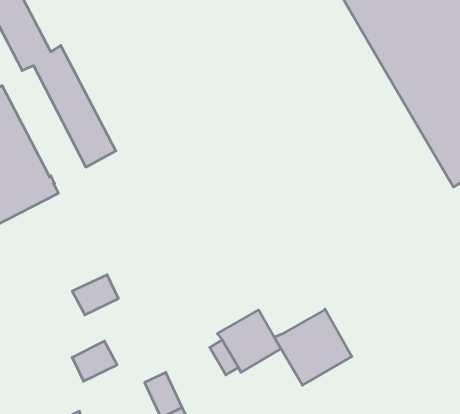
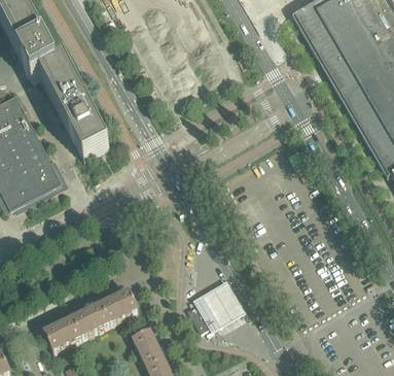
building: [72,275,118,315] -> [101,287,139,320]
building: [274,309,352,385] -> none
building: none -> [44,314,83,349]

